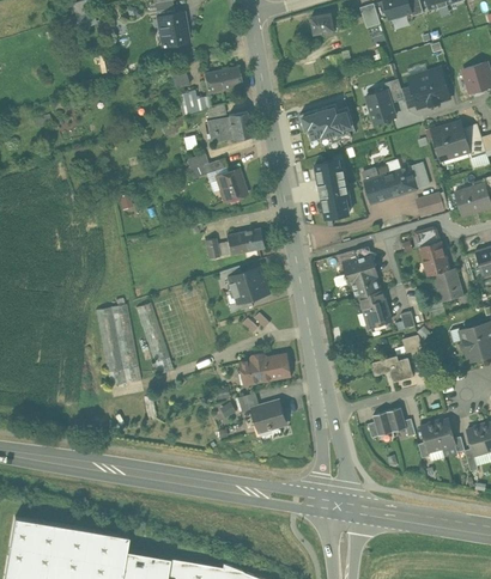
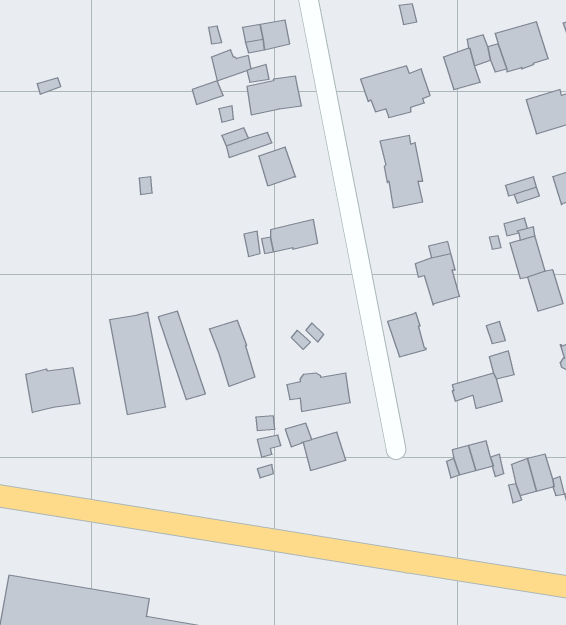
building: [363,164,428,205] -> none
building: [230,268,271,306] -> none
building: [358,290,389,325] -> [388,313,426,357]
building: none -> [210,320,255,386]
building: none -> [26,368,80,413]

